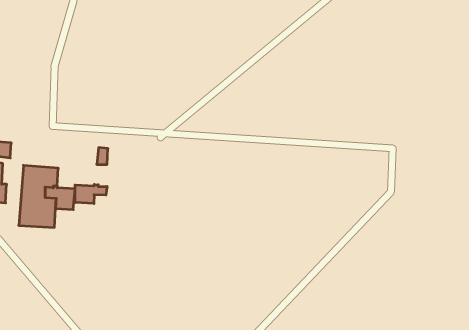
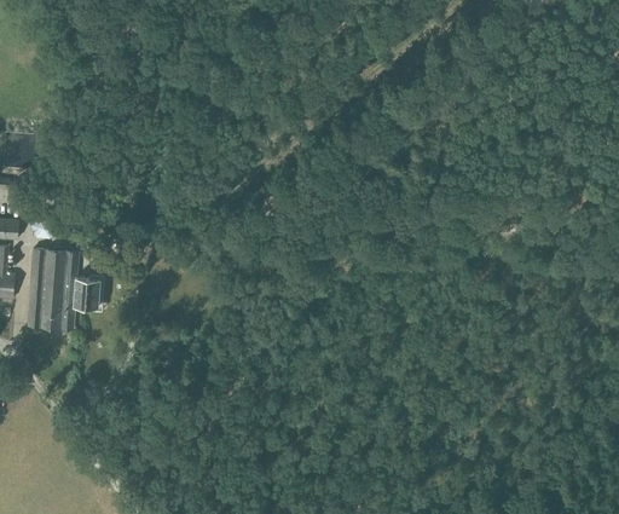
building: [75,184,107,204] -> none

